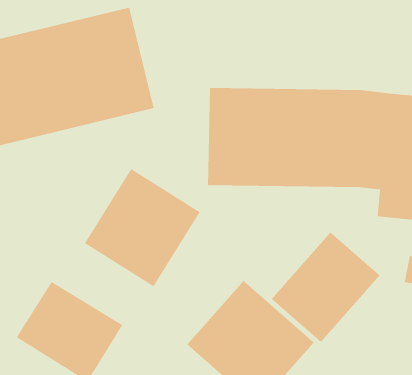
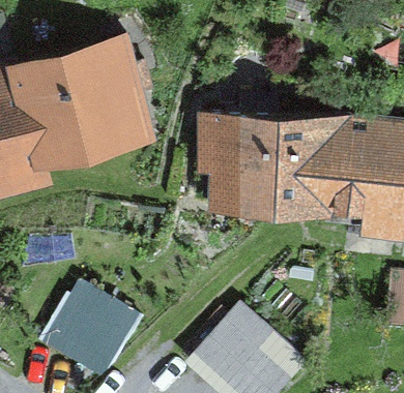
building: [84,168,200,287] -> none
building: [271,231,380,343] -> none

